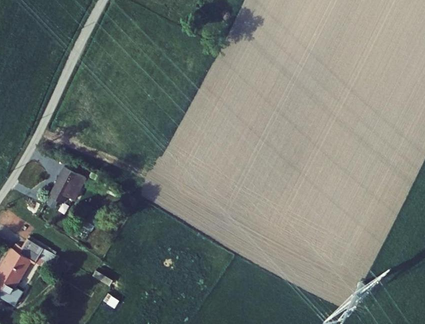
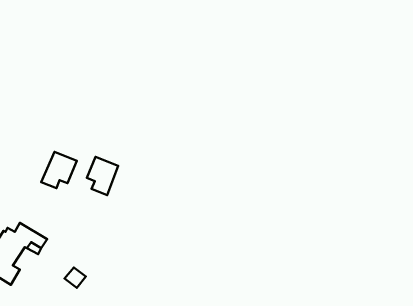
building: none -> [87,157,118,195]

